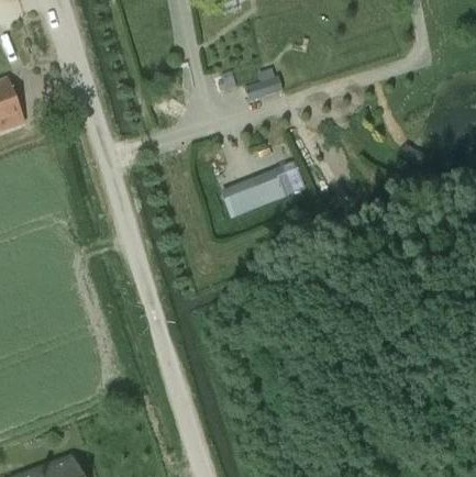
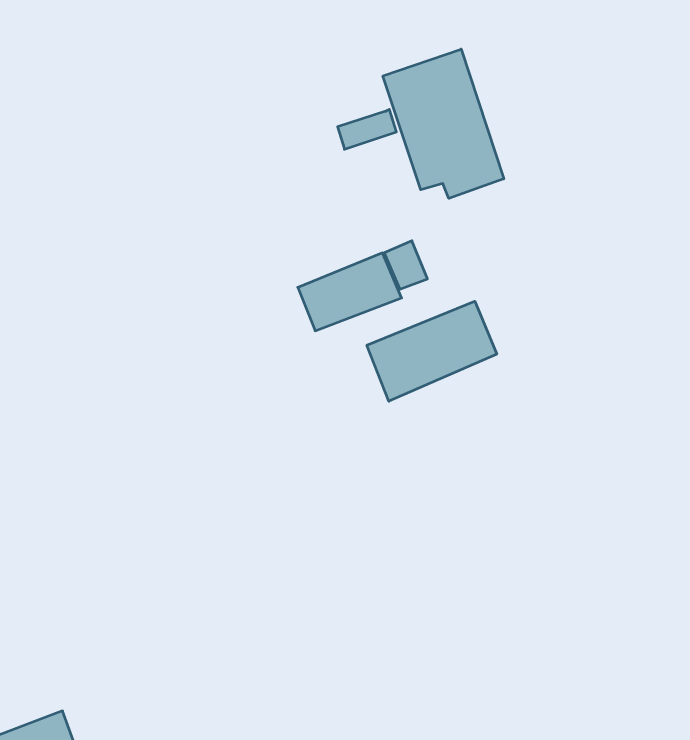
building: none -> [383,49,504,198]
building: none -> [367,301,497,401]

